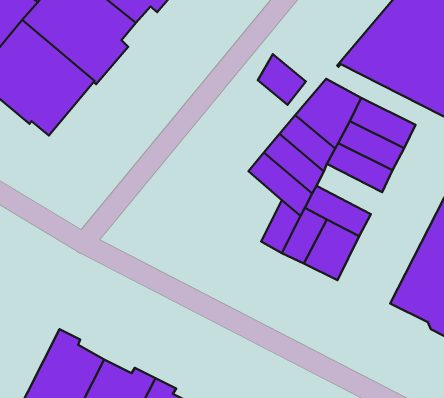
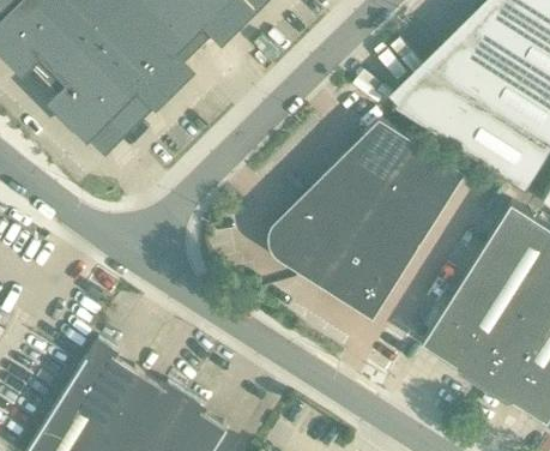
building: [258,54,306,105] -> none
building: none -> [361,203,424,255]
building: none -> [274,203,326,272]

